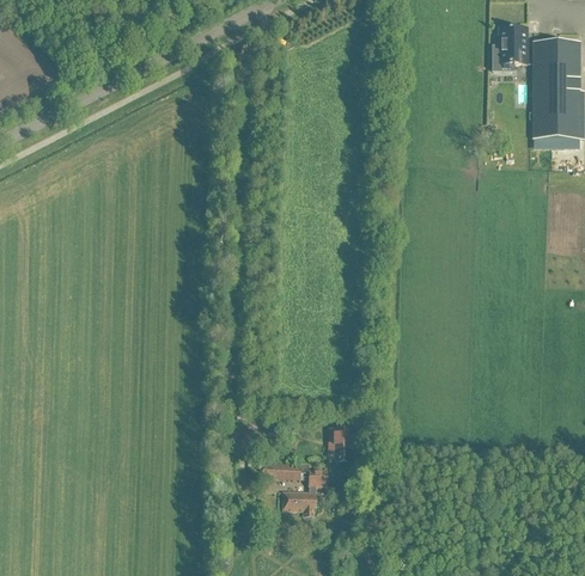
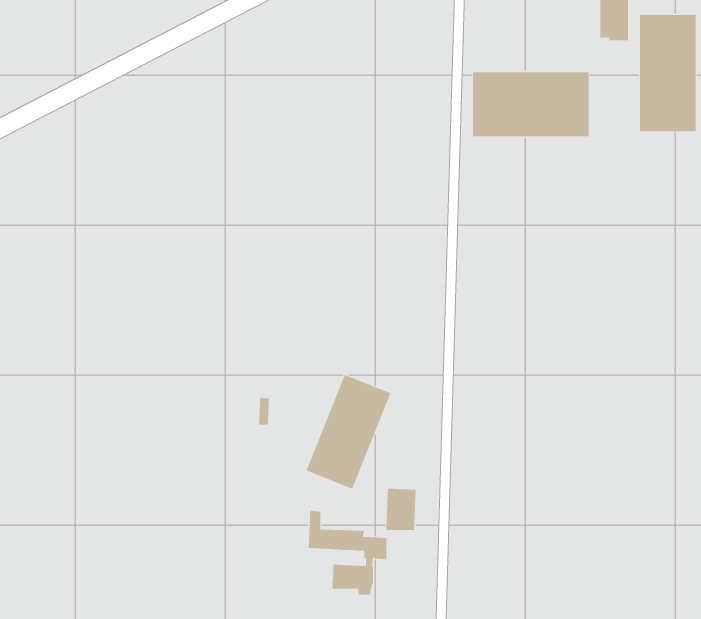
building: none -> [472,71,589,137]
building: none -> [306,374,391,489]

